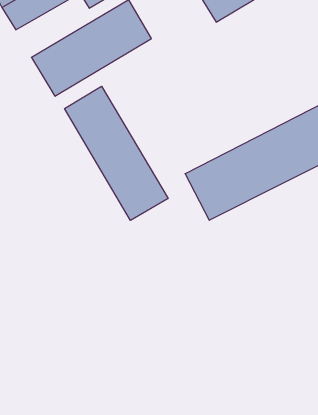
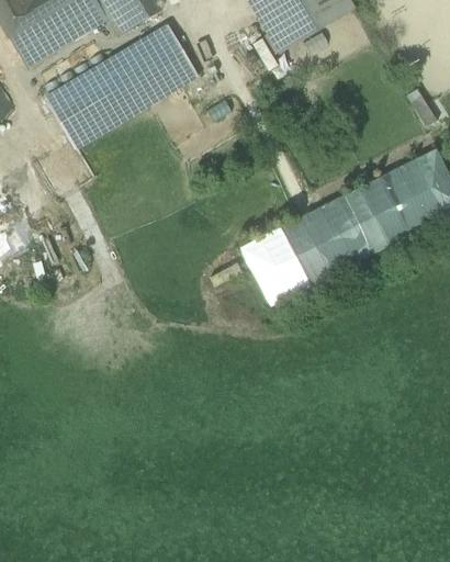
building: [65,86,168,220] -> none

